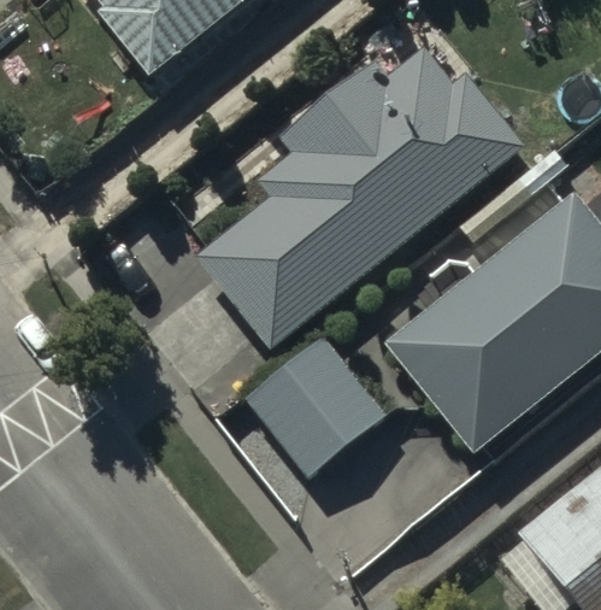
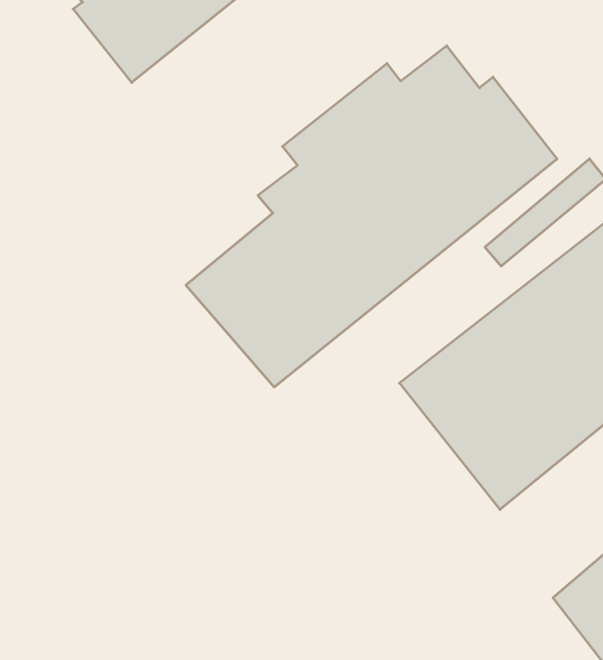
building: [244,333,387,476] -> none

